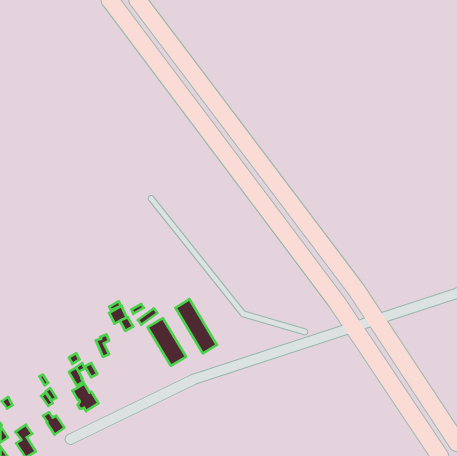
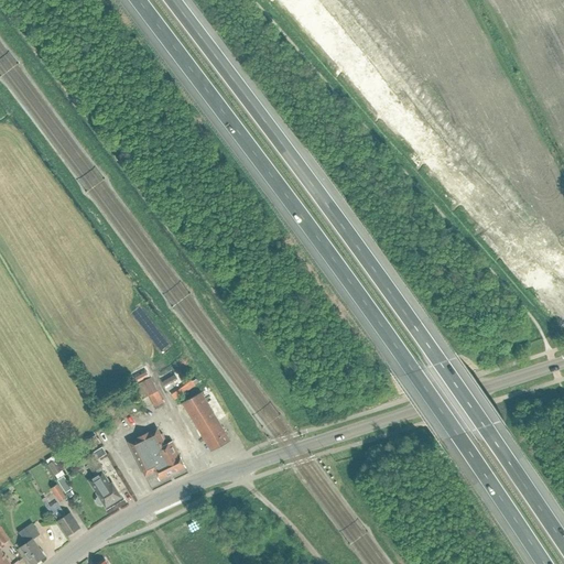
building: [175,299,217,353] -> none
building: none -> [132,432,185,480]

